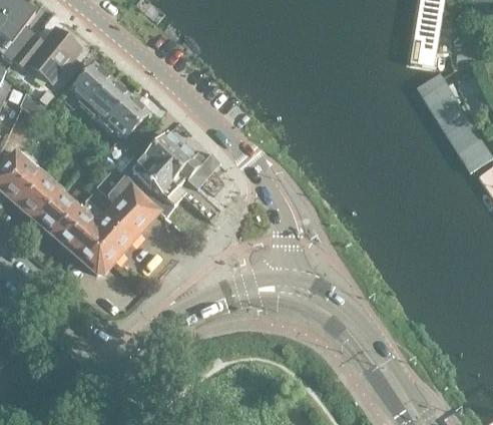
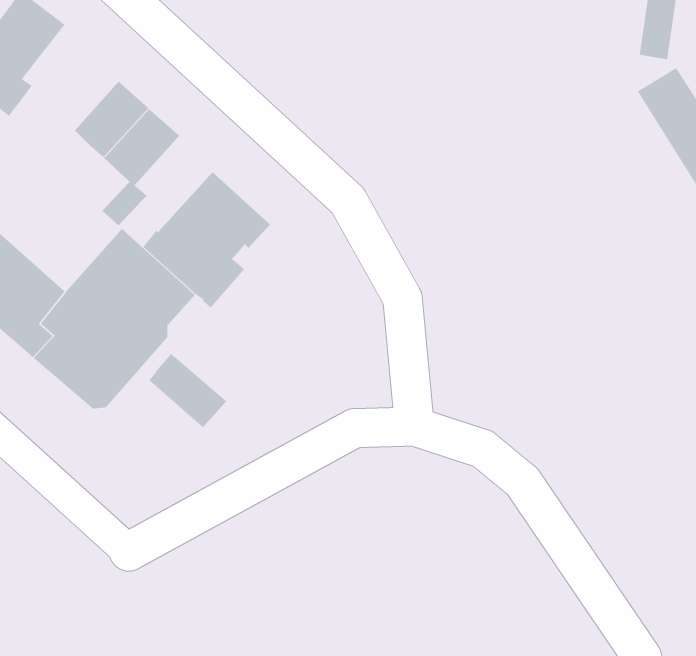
building: [66,63,112,109] -> none
building: none -> [148,353,227,428]

